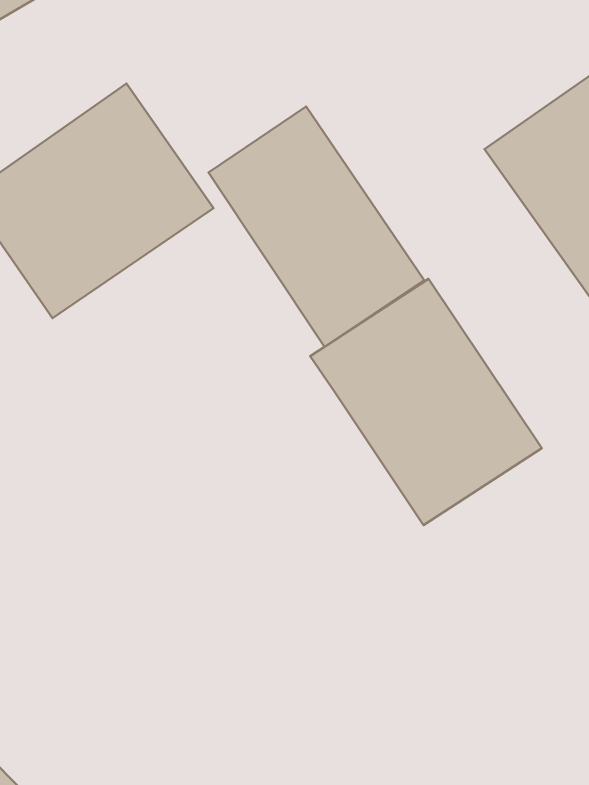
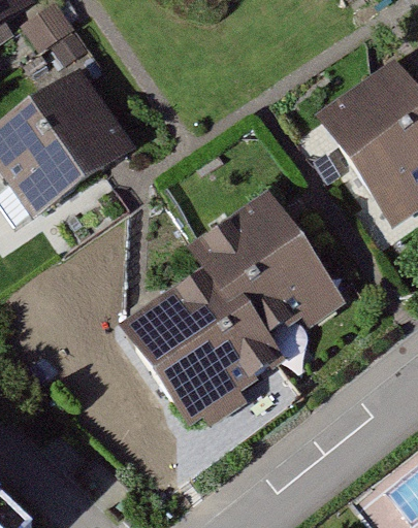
building: [208,107,424,347] -> none
building: none -> [127,263,284,425]

